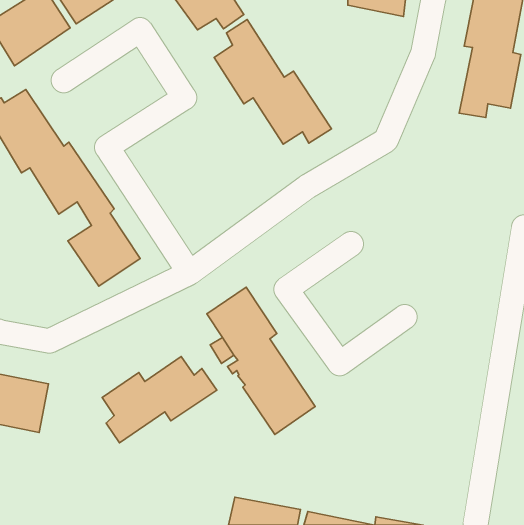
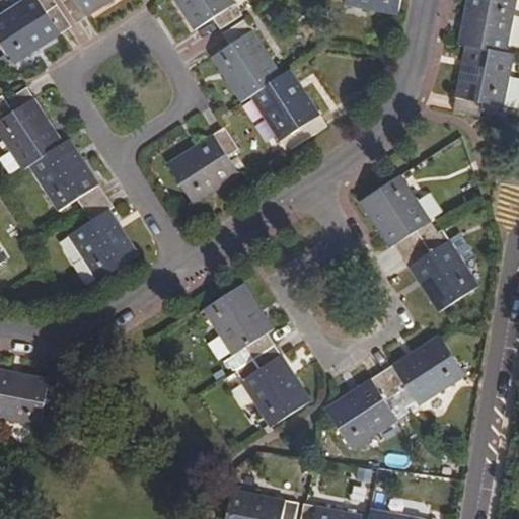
building: none -> [167,127,239,205]
building: none -> [359,175,478,312]
building: none -> [324,335,465,450]
building: [102,356,217,443] -> none

